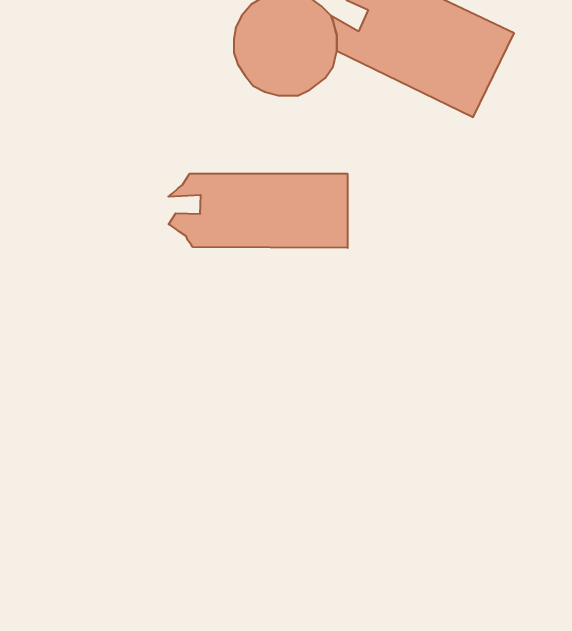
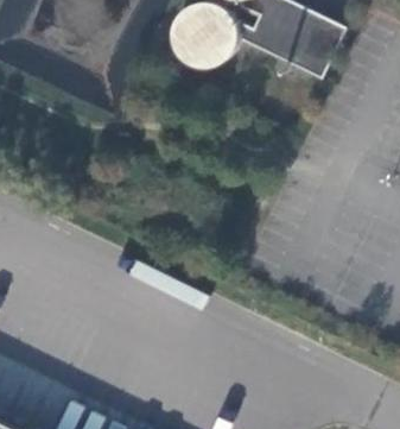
building: [168,174,348,248] -> none

